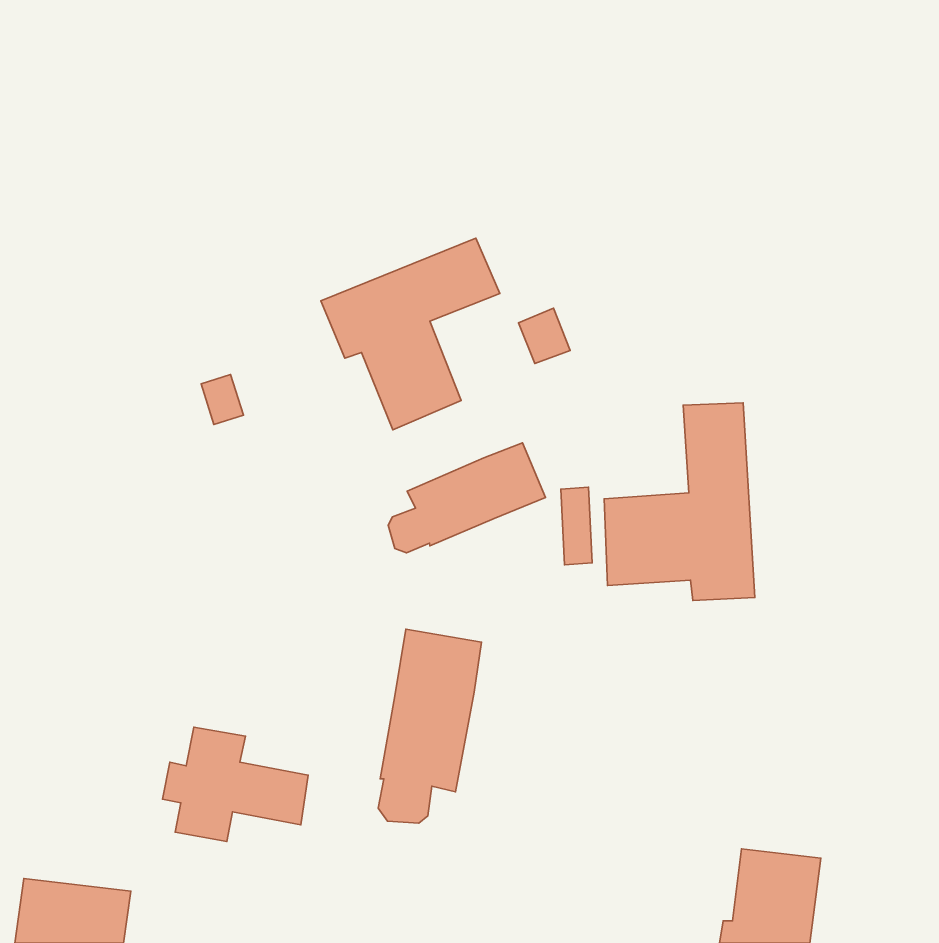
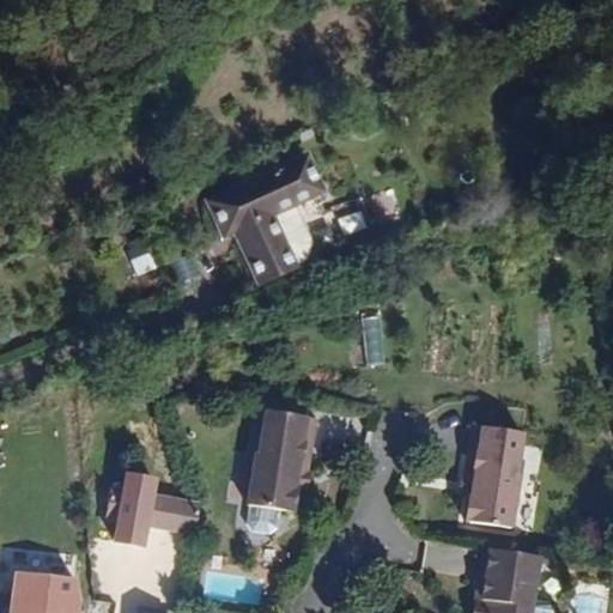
building: [604,403,755,601] -> none
building: [388,443,545,553] -> none
building: none -> [457,421,521,529]

